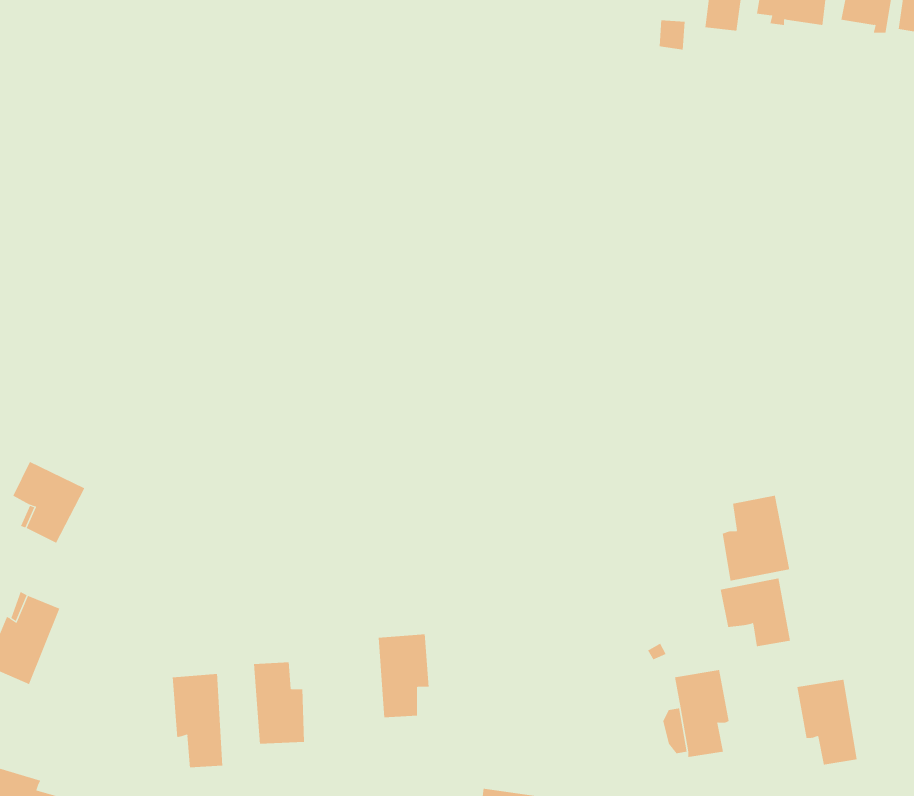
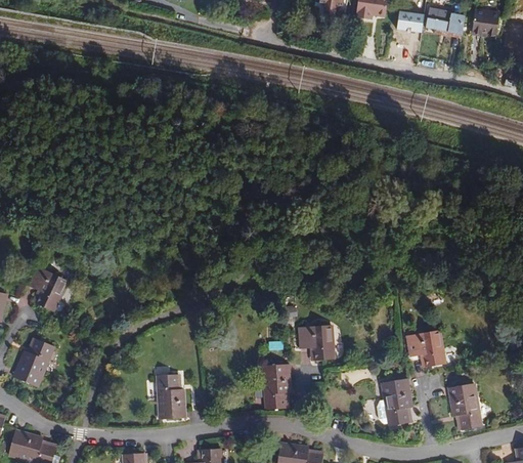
building: [722,495,790,582] -> none
building: none -> [299,325,334,360]
building: [378,634,429,718] -> [264,364,292,409]
building: [172,673,223,768] -> none

